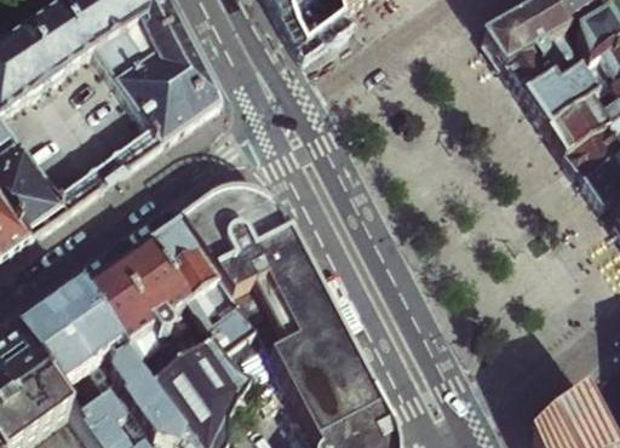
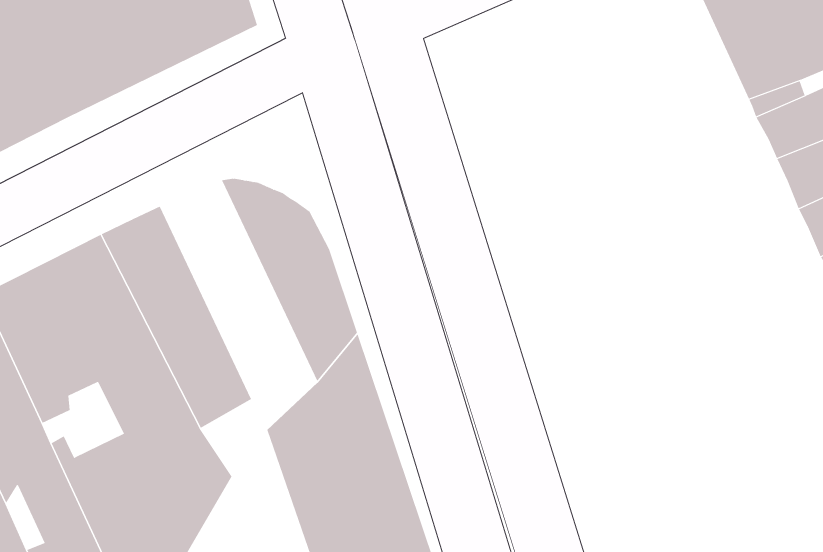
building: [179,189,292,337] -> none

